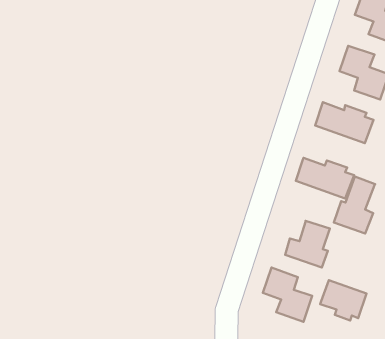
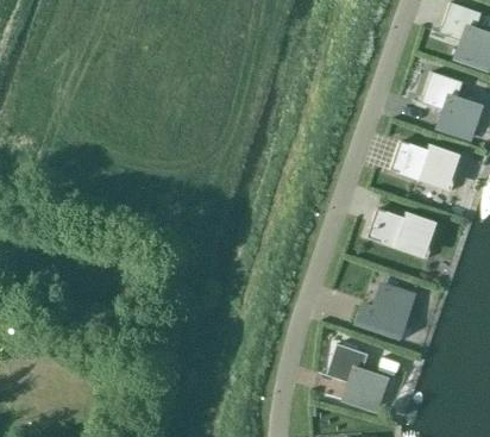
building: [334,176,375,234] -> none
building: [320,280,367,321] -> none

